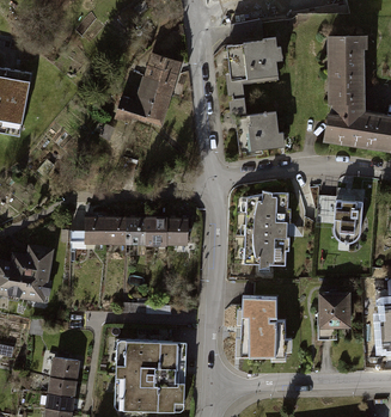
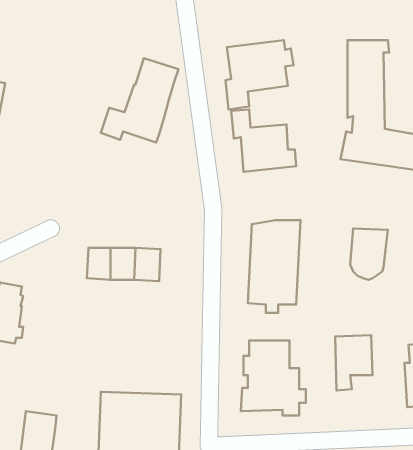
building: [83,214,105,241] -> none
building: [166,216,187,244] -> none

